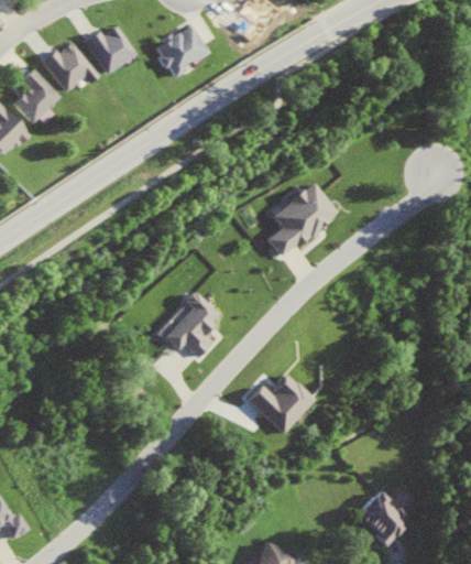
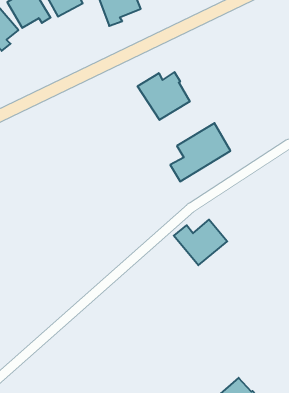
building: none -> [138,72,190,120]
building: [160,291,217,357] -> none
building: [247,375,313,432] -> [174,220,227,265]

